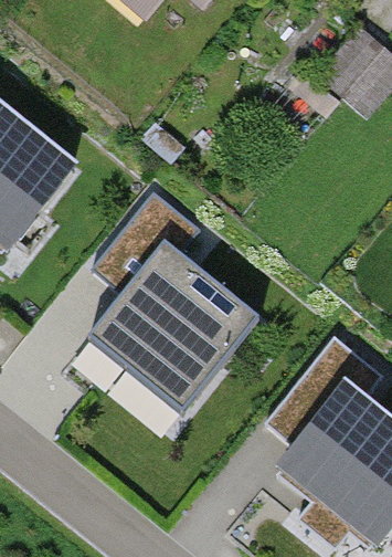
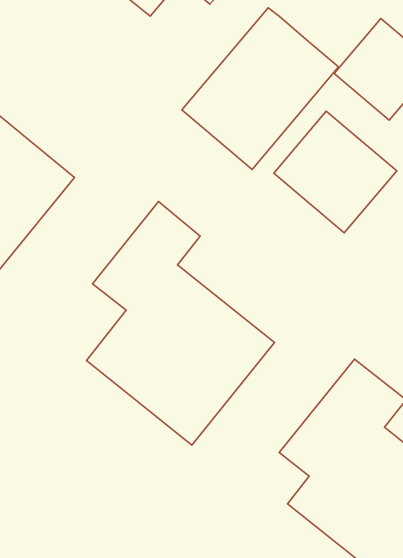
building: none -> [182,8,339,170]
building: none -> [274,111,397,233]

